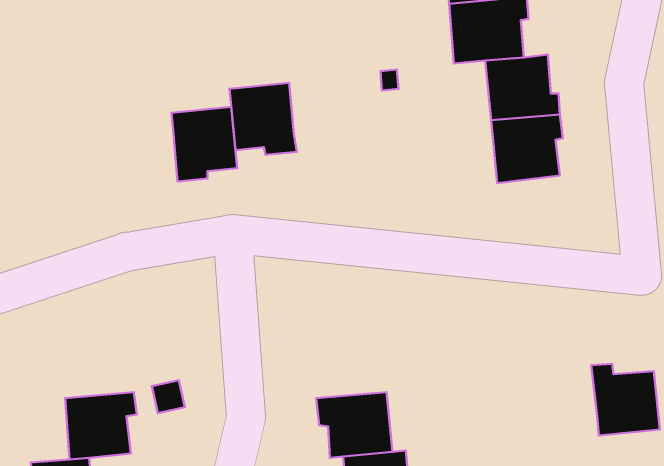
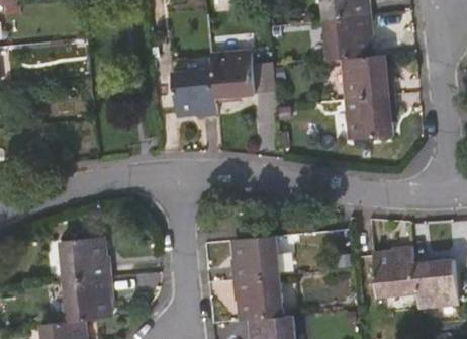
building: [172,107,237,181] -> [211,56,256,106]
building: none -> [229,240,278,285]
building: none -> [57,242,107,285]
building: none -> [375,251,421,301]

